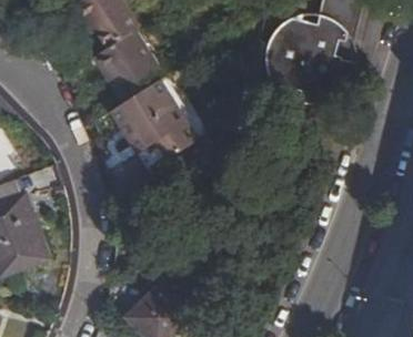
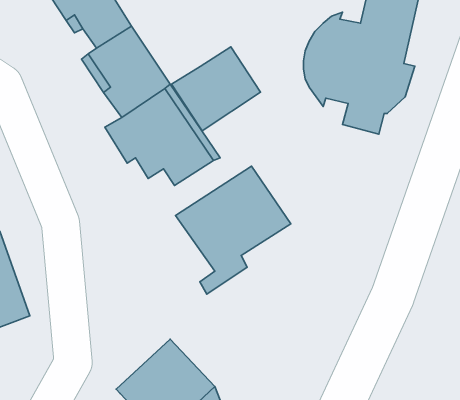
building: none -> [172,47,261,131]
building: none -> [175,166,291,294]

